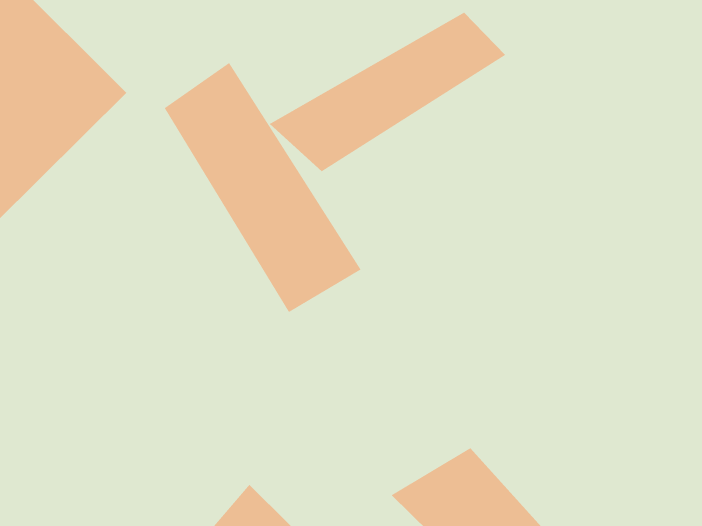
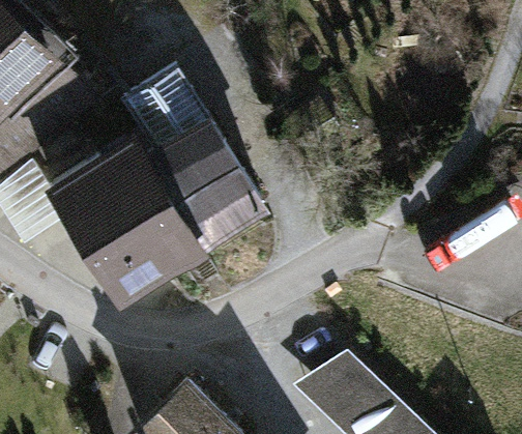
building: [269,12,506,172] -> none
building: none -> [52,134,214,305]

